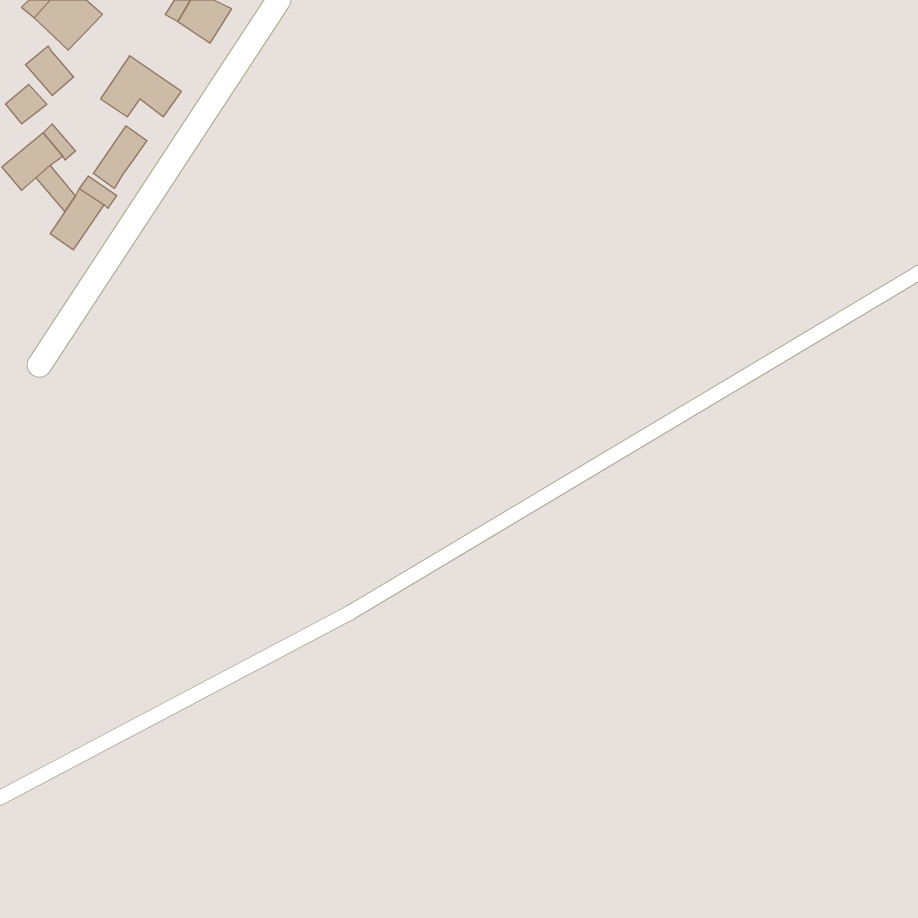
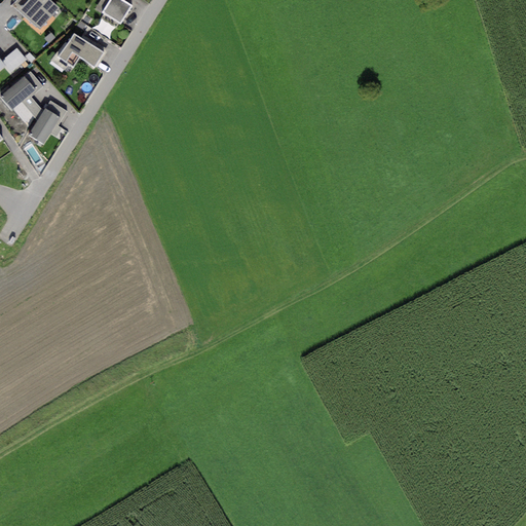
building: [25,46,74,95] -> none
building: [93,126,147,188] -> none

